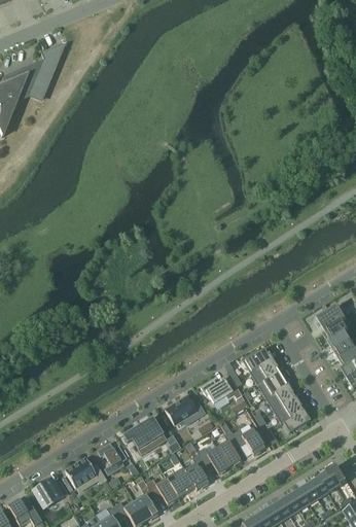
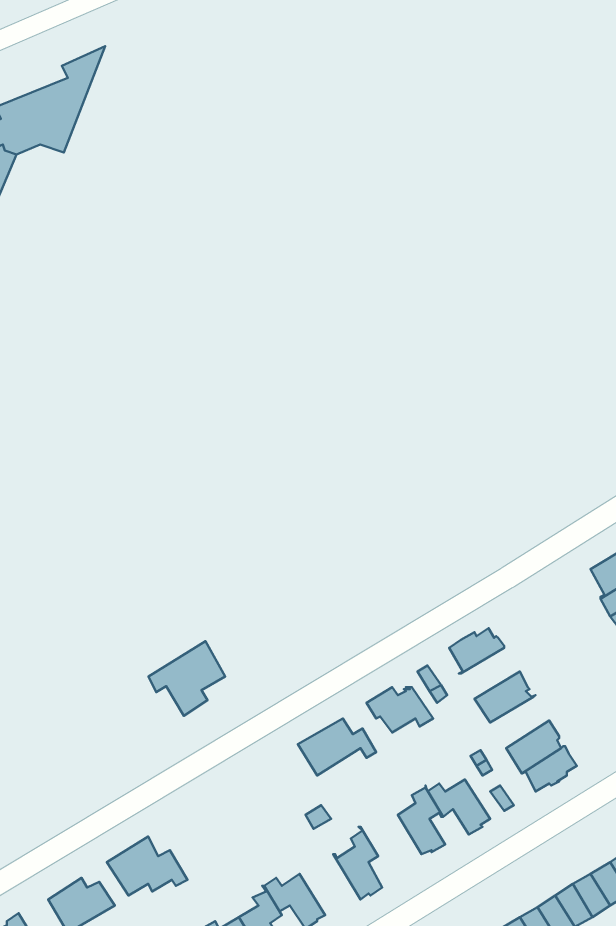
building: [249,357,280,384] -> none
building: [264,383,295,410] -> none
building: [122,415,163,454] -> [148,641,225,716]
building: [97,442,127,475] -> none
building: [197,445,228,473] -> none
building: [165,465,197,497] -> none

